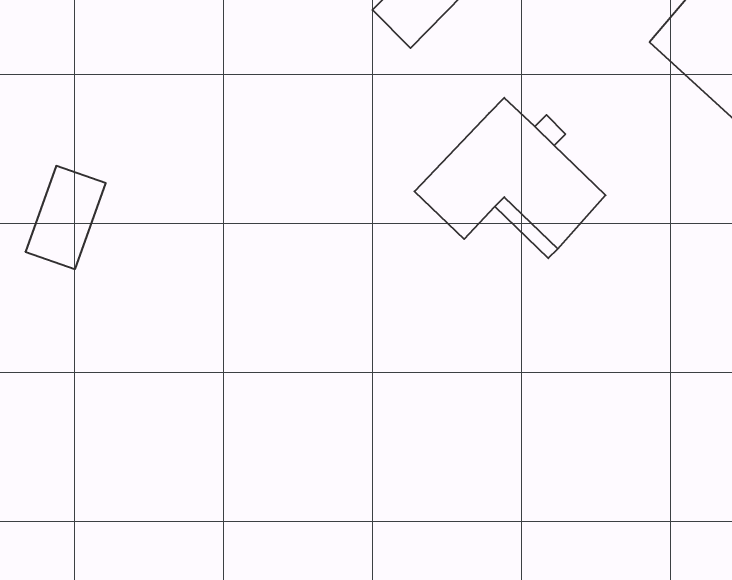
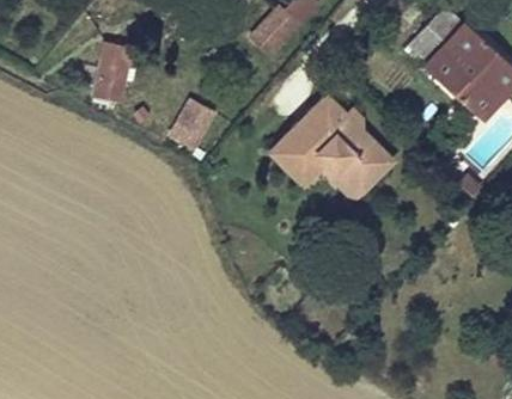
building: none -> [166,99,215,154]
building: [25,166,106,269] -> [86,42,136,106]

